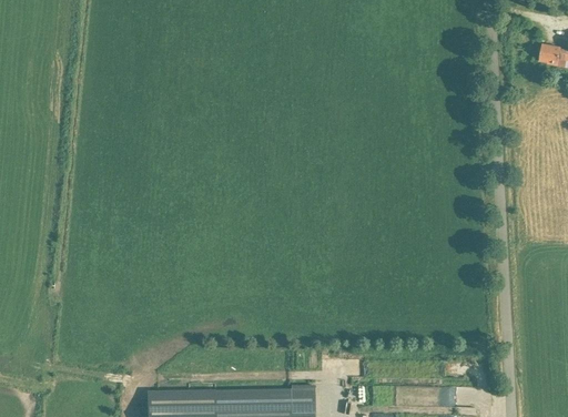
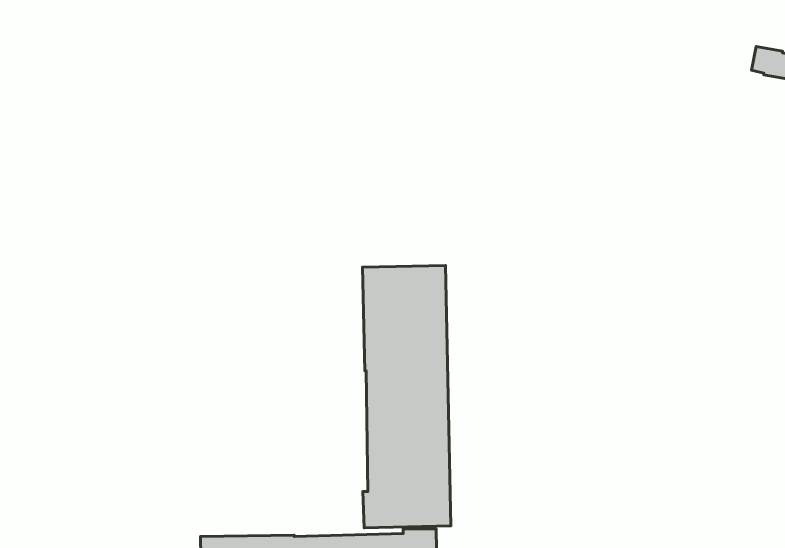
building: none -> [362,266,451,528]

